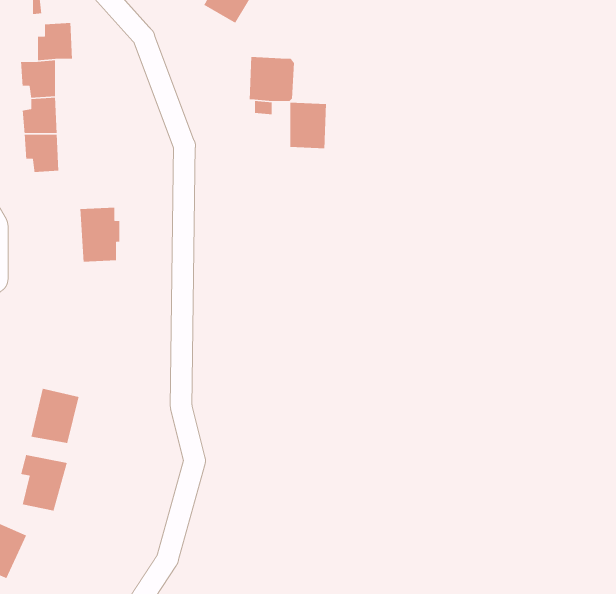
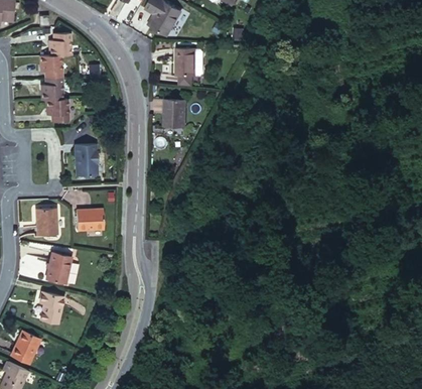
building: [290,102,327,149] -> [165,96,187,124]
building: none -> [35,207,58,235]
building: none -> [77,207,104,231]

